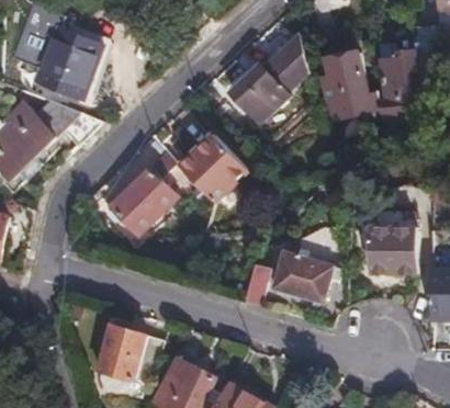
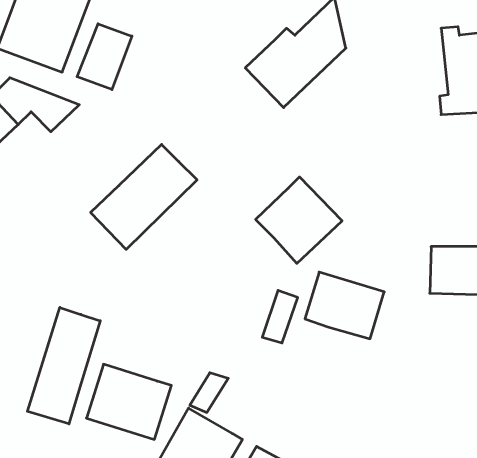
building: [322,50,378,121] -> none
building: none -> [77,24,132,90]
building: [176,134,243,201] -> [256,177,342,263]
building: none -> [27,307,100,424]

